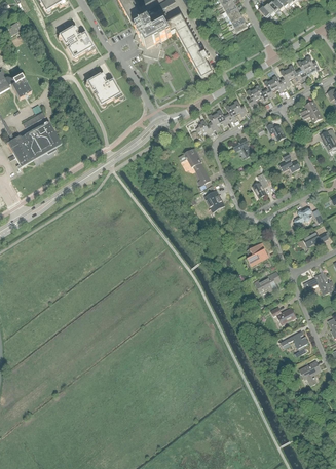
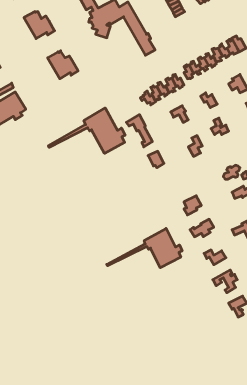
building: none -> [48,108,125,153]
building: none -> [107,228,182,268]

